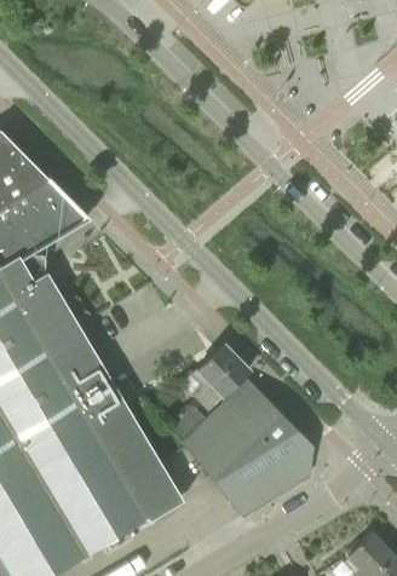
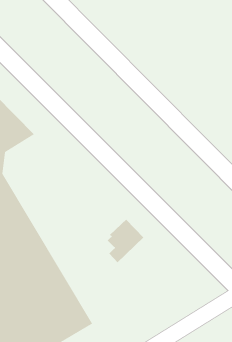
building: [185,381,313,518] -> none

